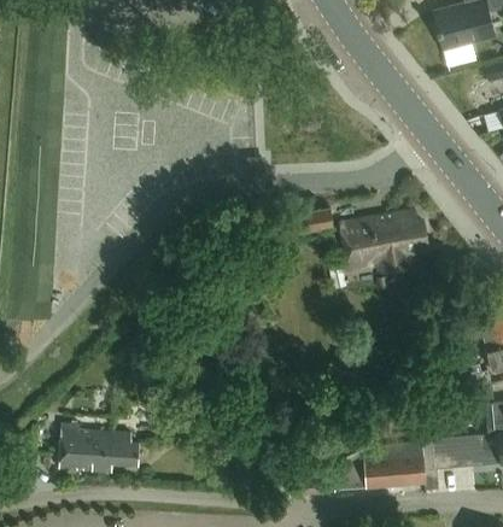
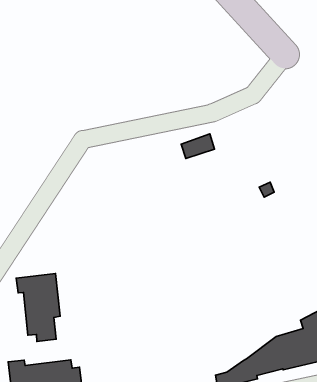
building: [344,212,428,269] -> none
building: none -> [16,273,60,342]

